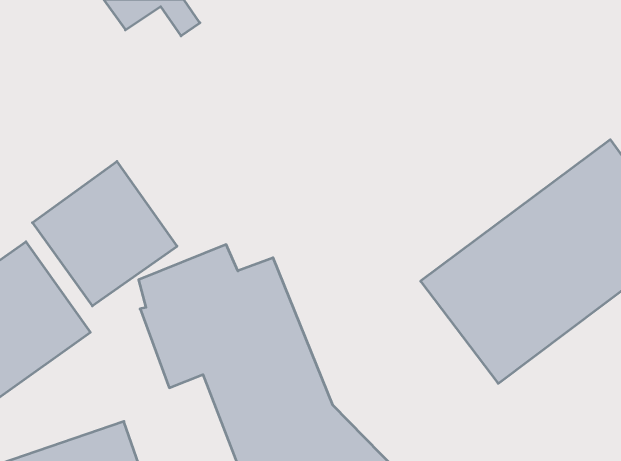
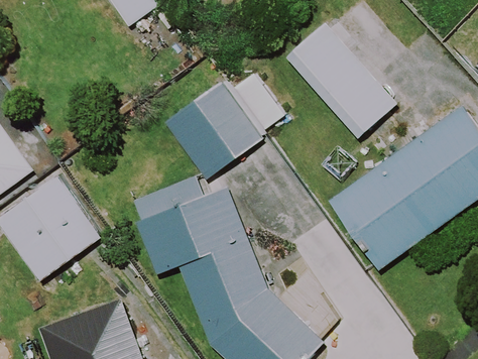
building: none -> [283,21,396,138]
building: [32,161,177,306] -> [161,80,261,180]

